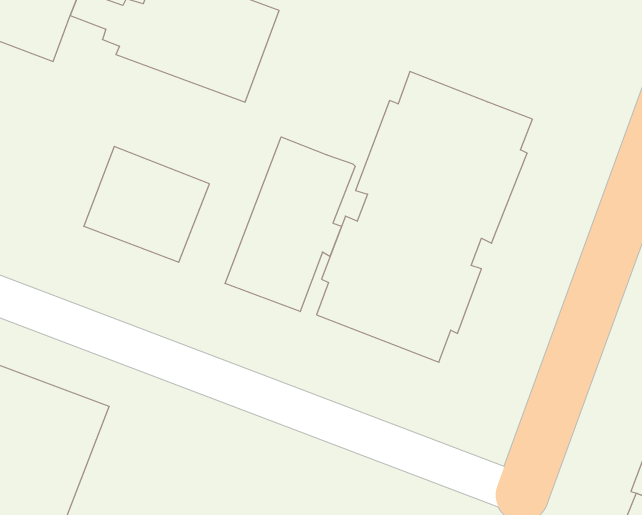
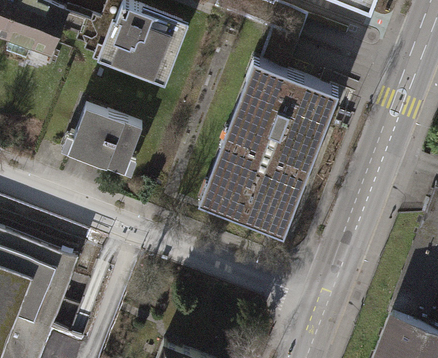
building: [225,137,355,312] -> none

